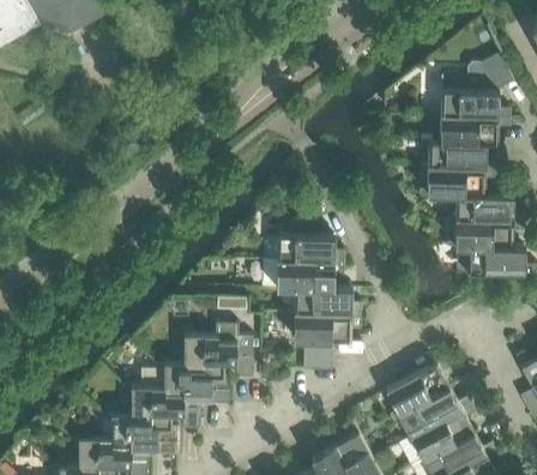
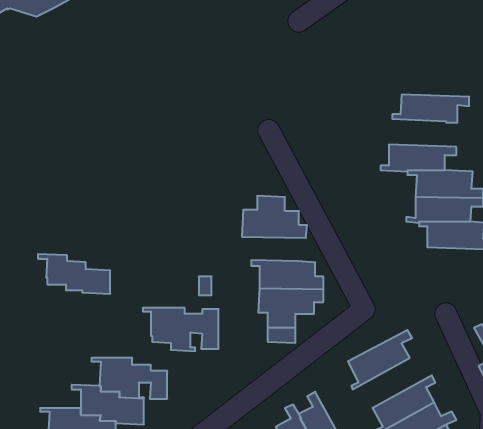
building: [440,54,512,119] -> none
building: [420,140,496,170] -> none
building: [260,261,342,289] -> none
building: [153,363,228,404] -> [38,254,110,294]
building: [390,387,471,439] -> none

